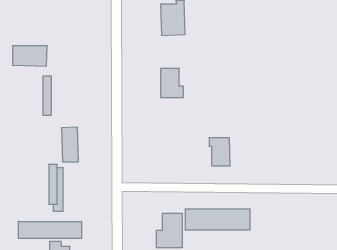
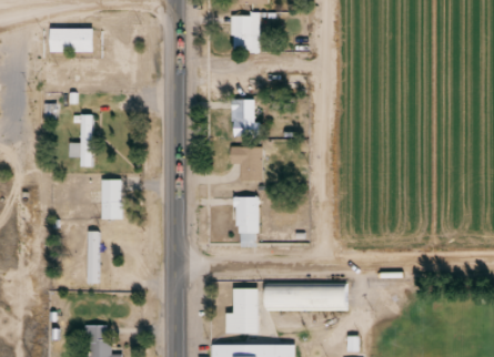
building: [13,46,47,66] -> [49,27,94,53]
building: none -> [229,146,262,182]
building: [209,138,230,166] -> [231,197,259,234]
building: [18,221,81,238] -> none

